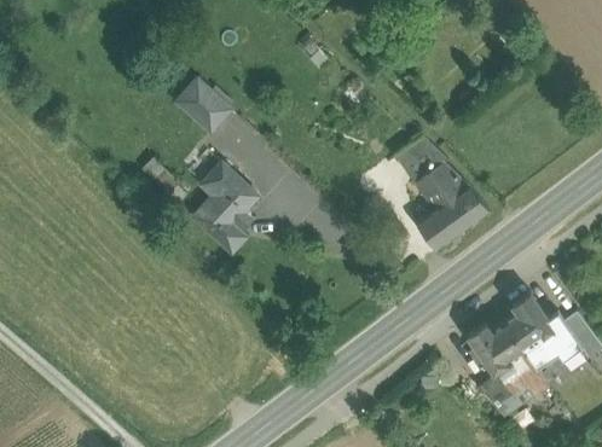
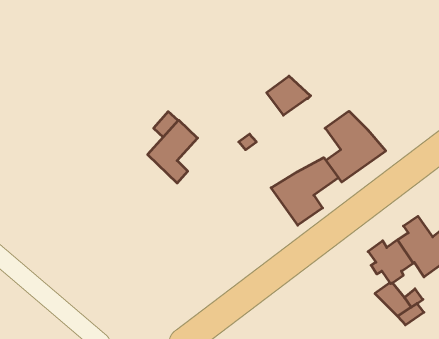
building: [173,74,235,134] -> none
building: [393,135,447,184] -> [267,76,311,115]
building: none -> [271,158,338,225]

